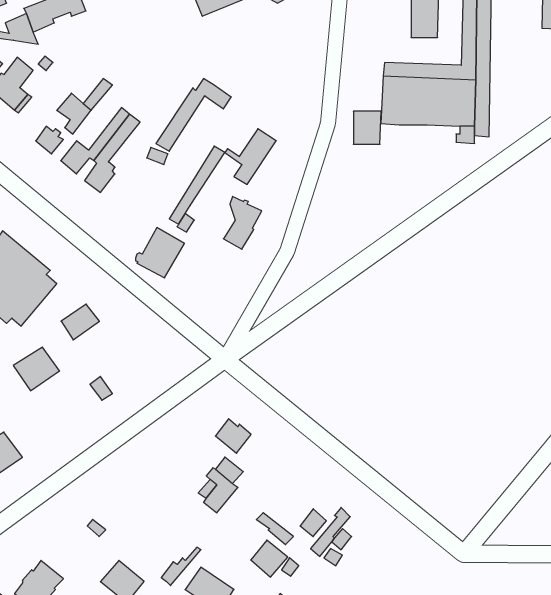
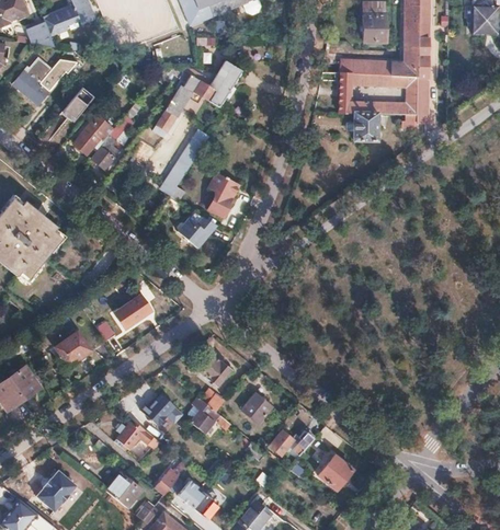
building: [353,111,381,144] -> [353,113,376,140]
building: [225,129,276,184] -> [200,60,242,106]
building: [136,228,184,278] -> [174,210,215,252]
building: [61,304,99,340] -> [118,296,150,325]
building: [13,347,60,391] -> [54,331,92,367]
building: none -> [140,395,183,425]
building: none -> [118,422,158,448]
building: none -> [317,454,352,489]
building: [251,540,288,577] -> [241,392,272,423]

